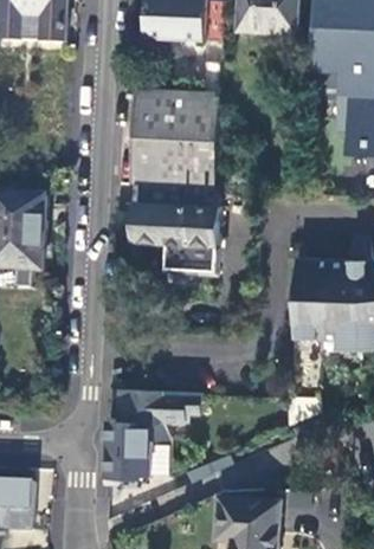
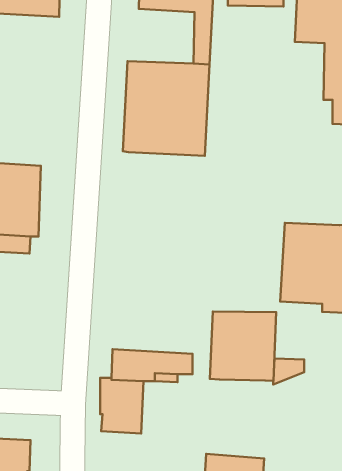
building: [133,183,218,267] -> none
building: none -> [210,311,276,381]

